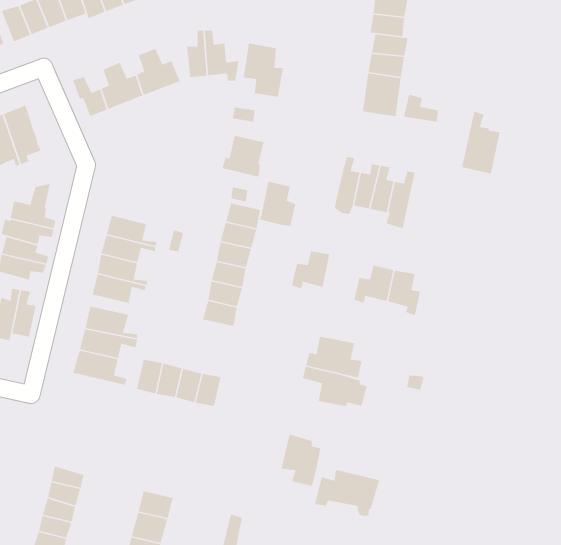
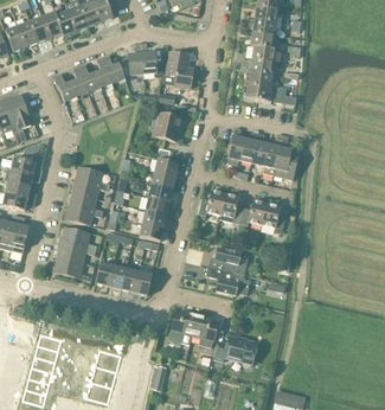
building: [461,111,500,175] -> [272,137,299,180]
building: [259,181,296,227] -> [218,192,243,223]
building: none -> [167,309,197,345]

